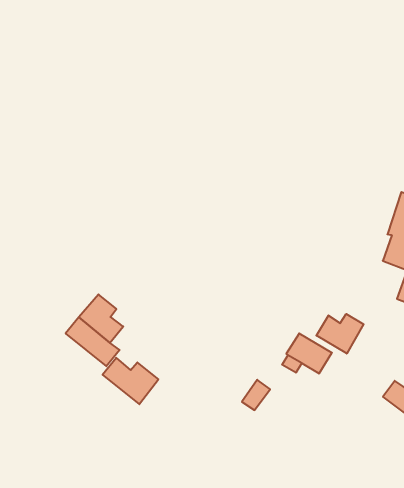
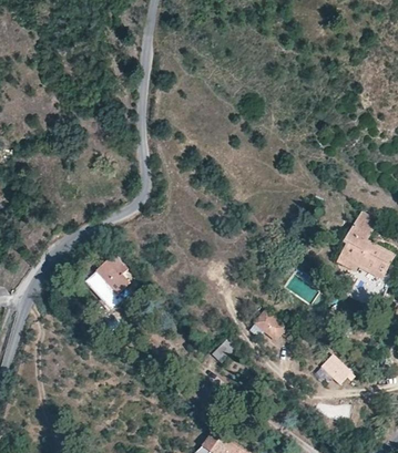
building: [316,314,364,354] -> none
building: [103,358,158,404] -> none

